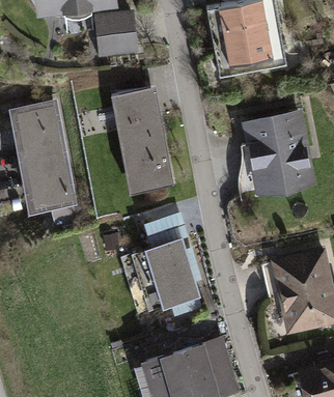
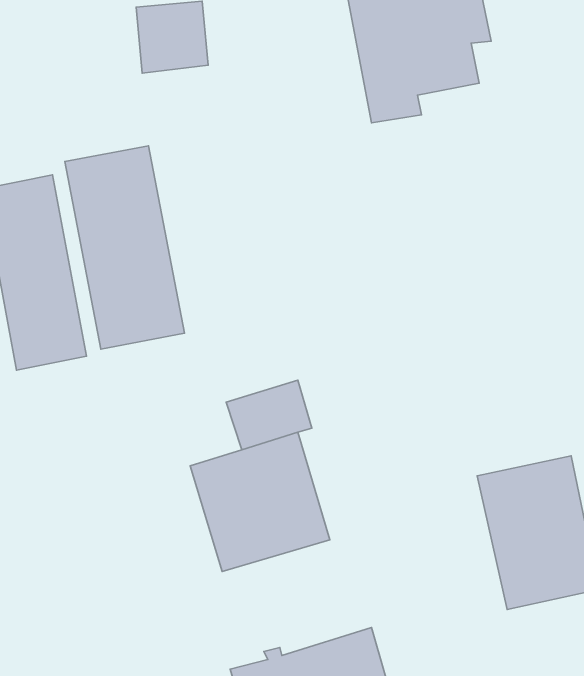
building: [112,86,174,192] -> [65,146,184,349]
building: [248,114,311,195] -> none

